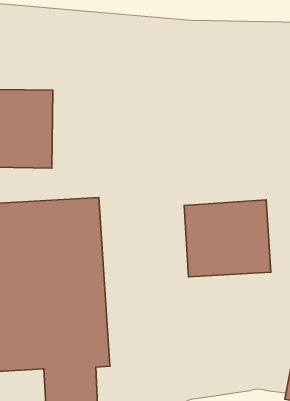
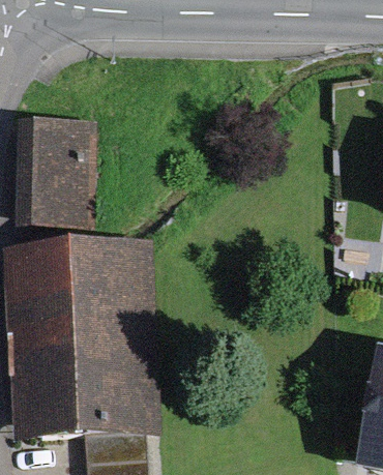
building: [184,200,271,277] -> none

